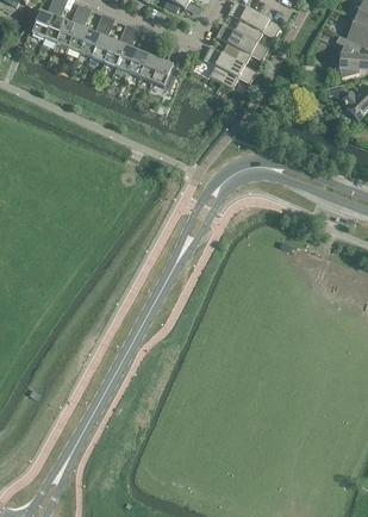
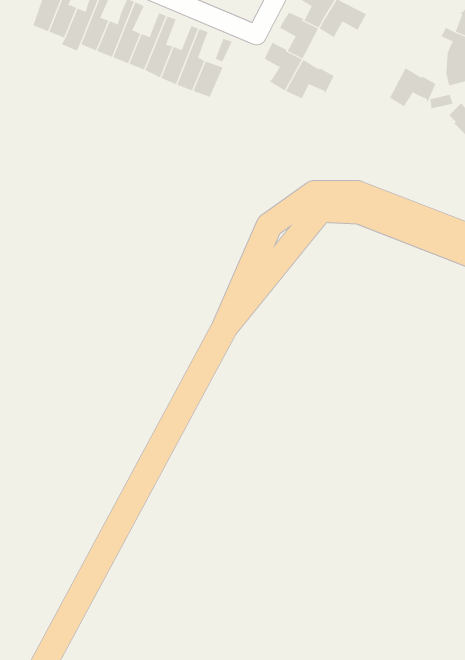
building: [233,35,269,64] -> [389,68,437,108]

